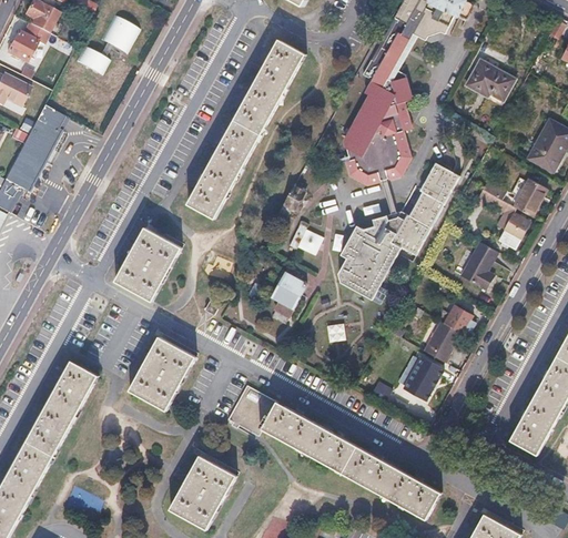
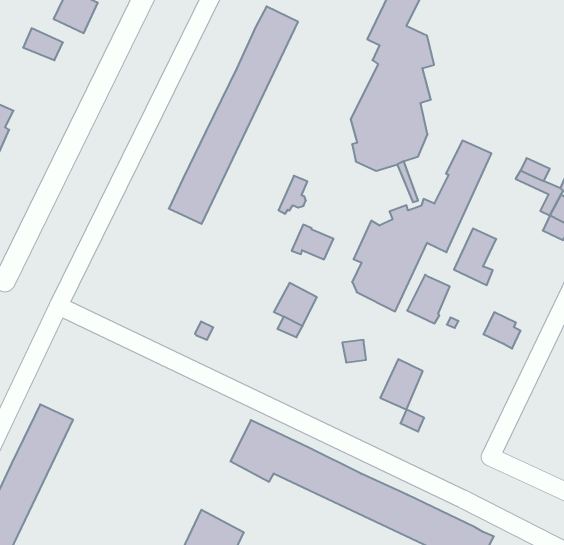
building: [464,59,515,102] -> none
building: [114,227,181,302] -> none
building: [459,243,496,291] -> [454,228,496,285]
building: [423,322,459,363] -> [407,275,450,323]
building: [129,337,195,409] -> none
building: [404,358,440,400] -> [380,359,423,410]

